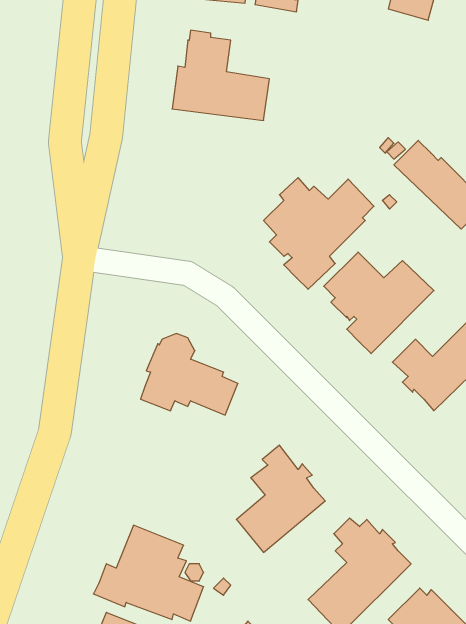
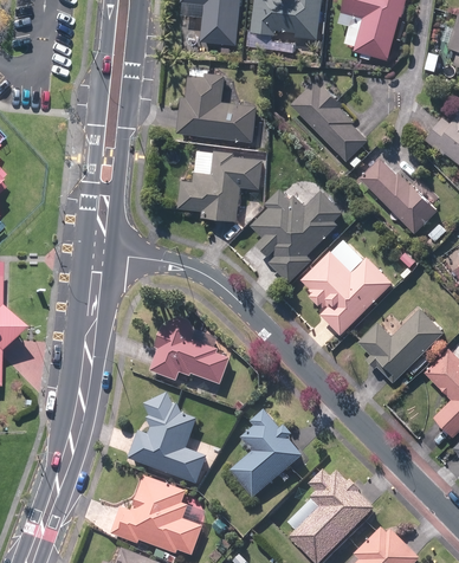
building: none -> [291,80,368,160]
building: none -> [179,150,263,220]
building: none -> [128,393,207,484]

